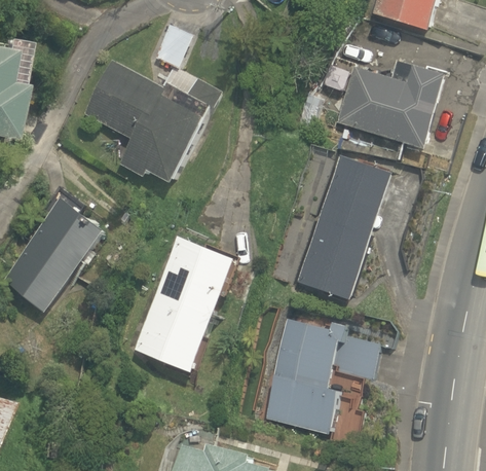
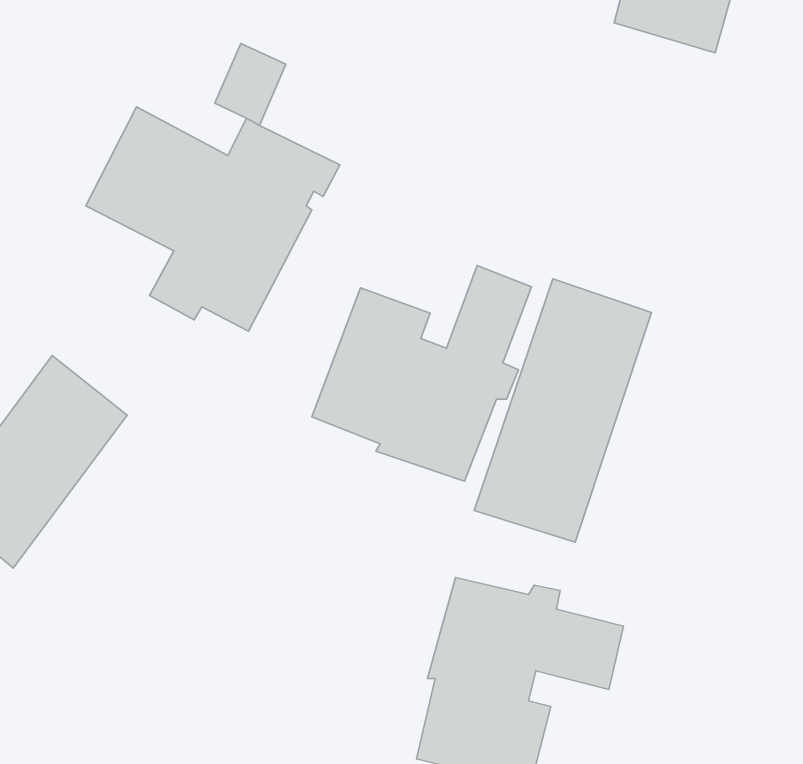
building: [336,60,447,149] -> none
building: none -> [312,265,531,481]
building: [134,237,234,372] -> none

